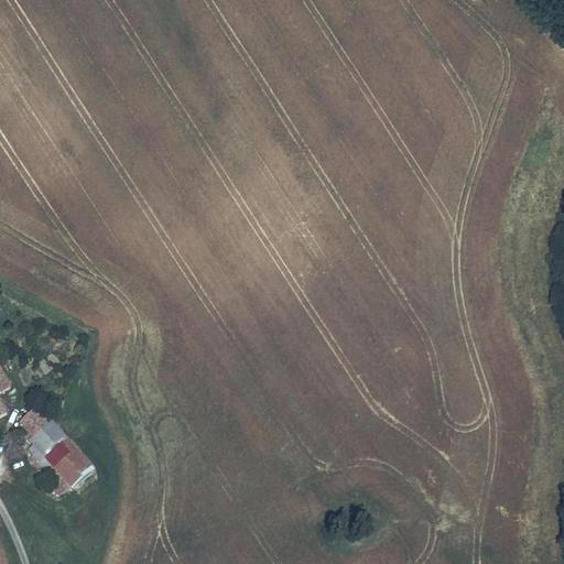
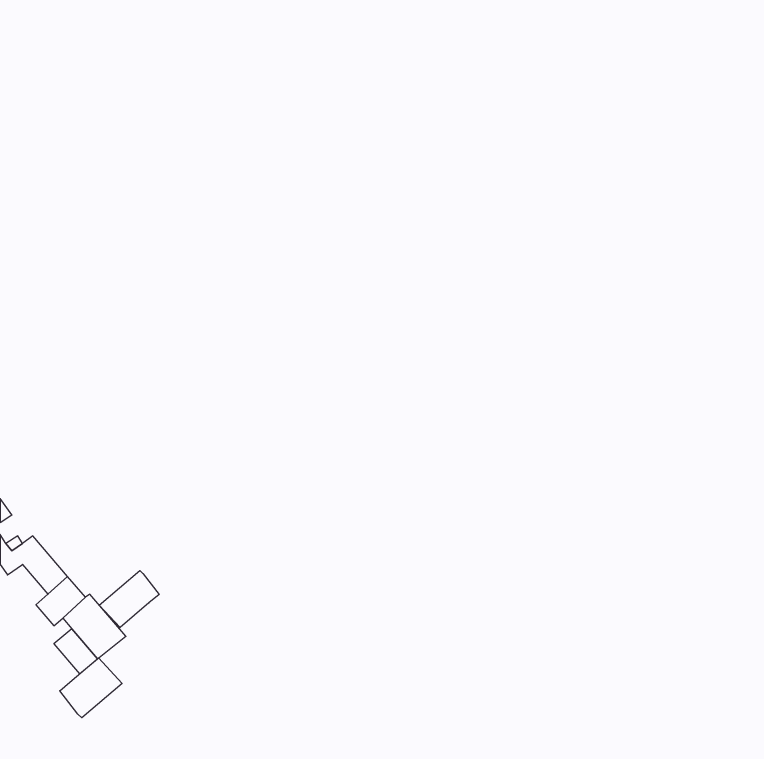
building: none -> [99,571,159,628]
building: none -> [60,658,122,718]

